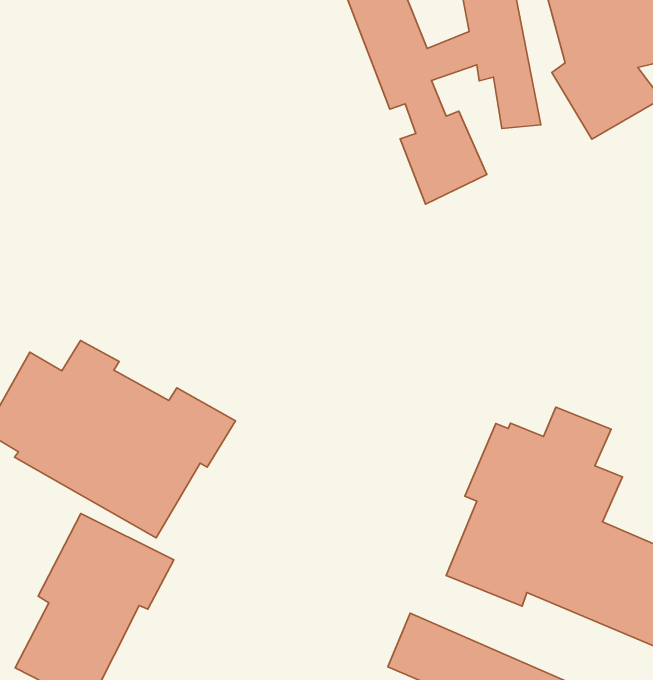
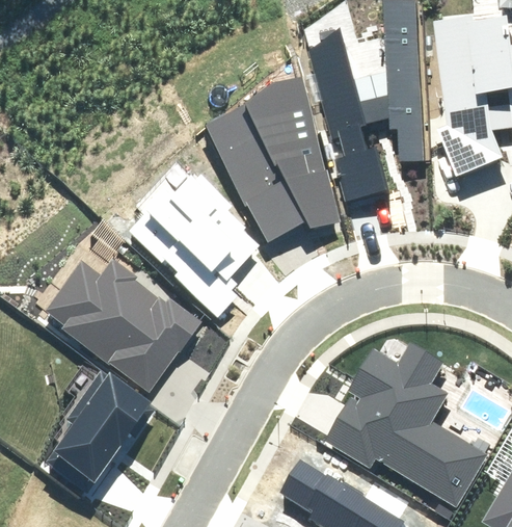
building: none -> [205,78,340,241]
building: none -> [130,163,260,316]

